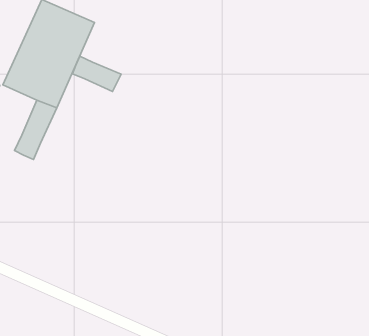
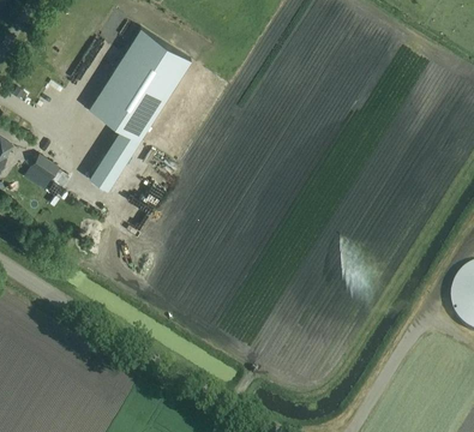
building: [73,56,121,91] -> none

